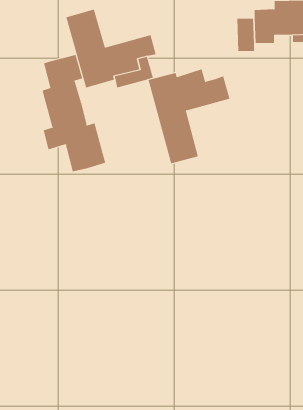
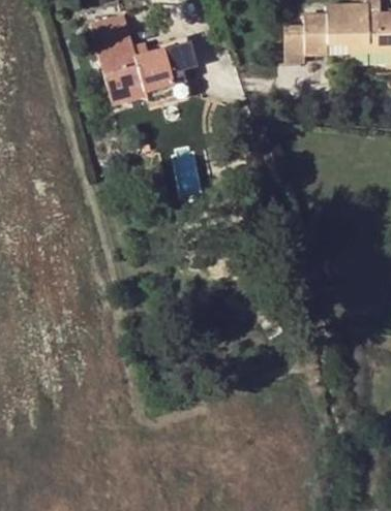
building: [42,54,106,172] -> none
building: [148,68,230,164] -> none

